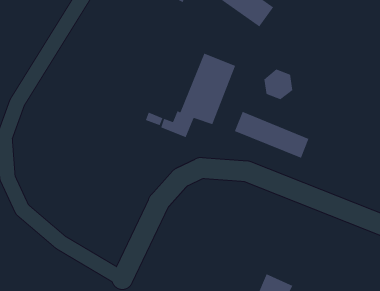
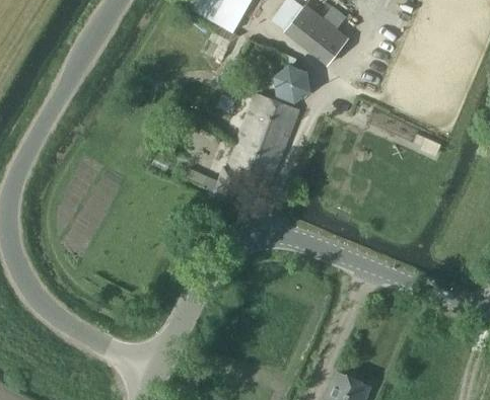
building: [263,69,293,100] -> [273,65,310,104]
building: [234,111,310,159] -> none

